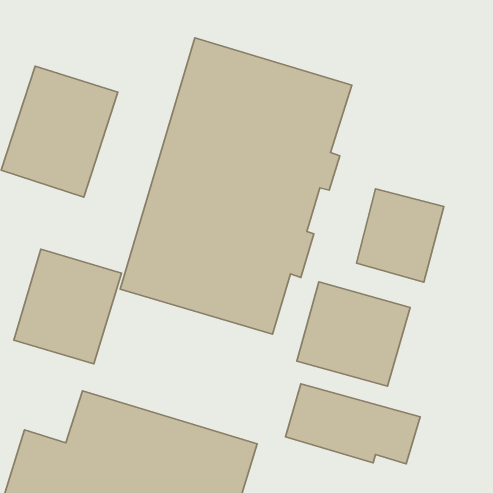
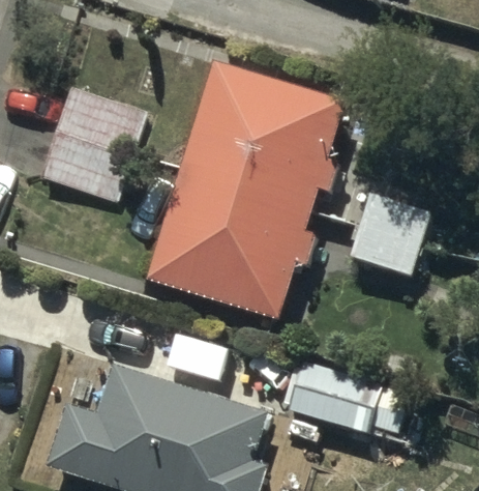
building: [14,249,122,364] -> none
building: [297,282,410,386] -> none

